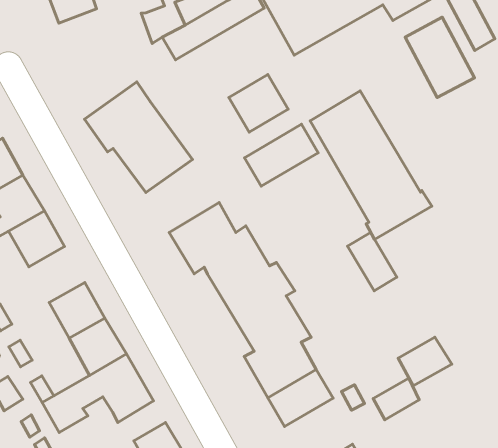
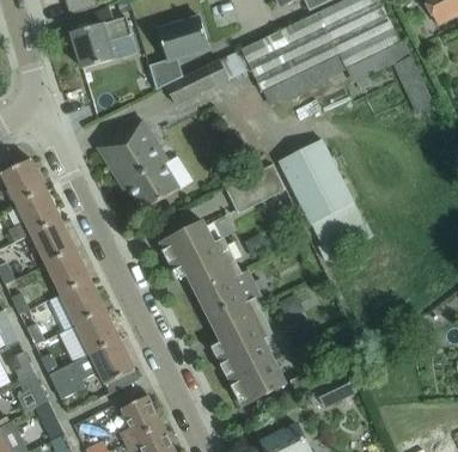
building: [405,17,475,98] -> none
building: [229,75,288,132] -> none
building: [348,233,397,291] -> none
building: none -> [45,249,90,293]
building: [398,337,452,386] -> none

